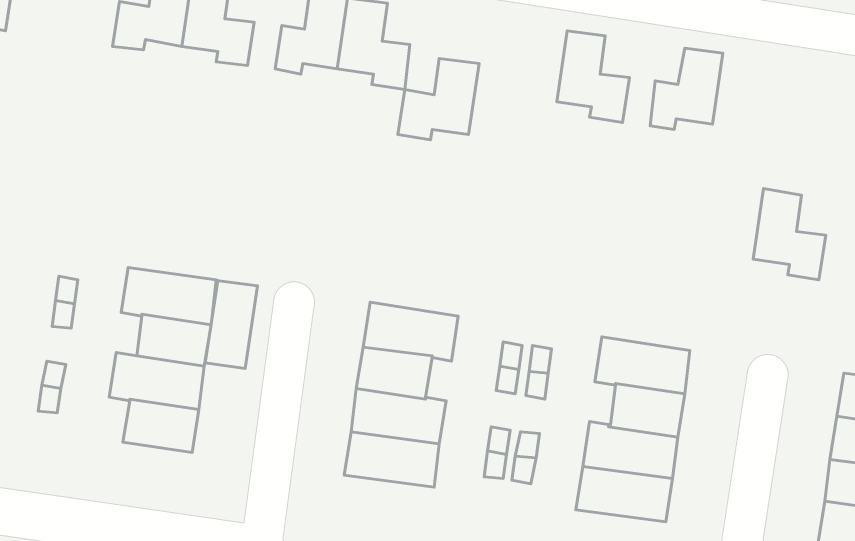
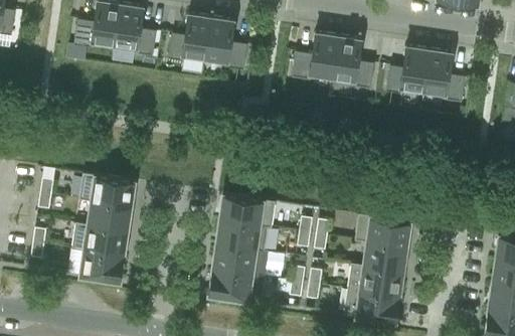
building: [398,58,479,140] -> [291,33,338,80]
building: [753,188,826,280] -> [422,49,465,103]
building: [205,280,257,368] -> none

